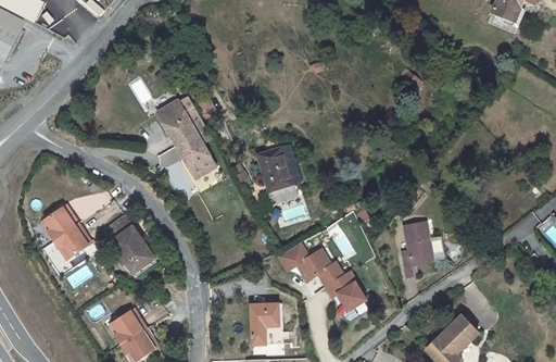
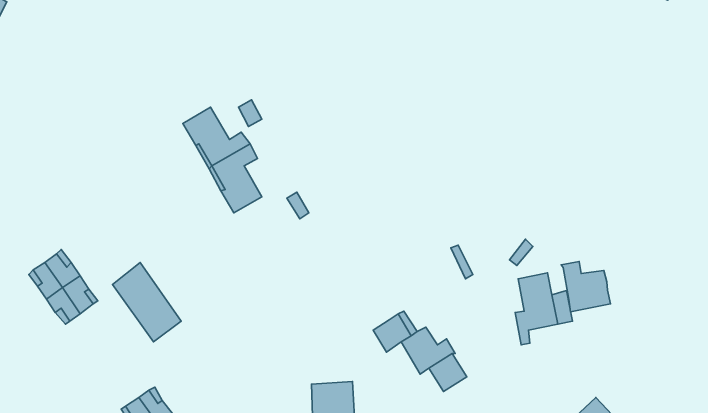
building: [256,145,305,204] -> none
building: none -> [561,261,610,312]
building: [278,242,308,271] -> none

